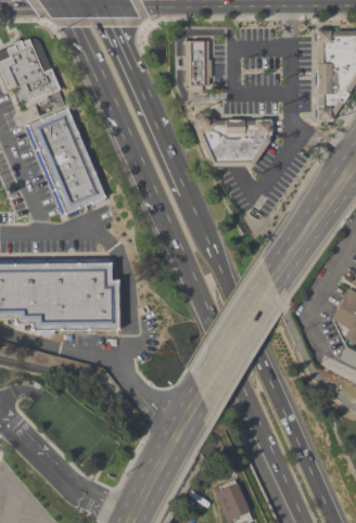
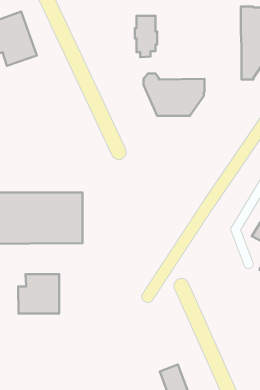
building: [26,106,105,216] -> none
building: none -> [18,274,59,314]

